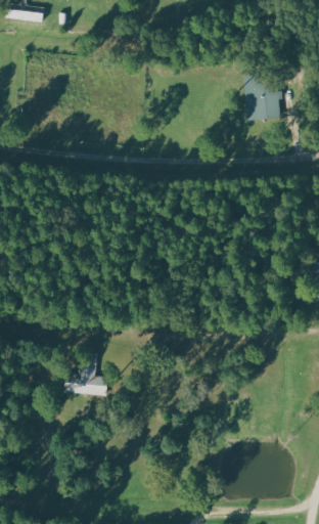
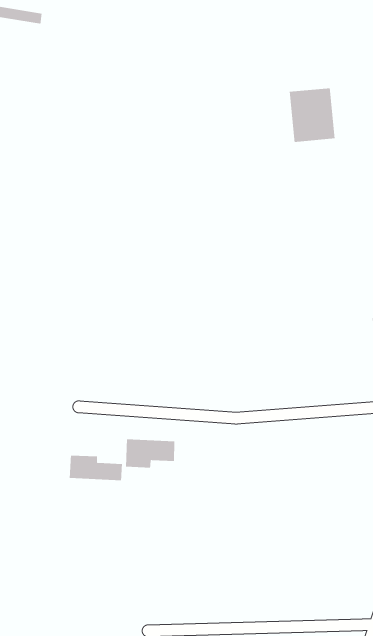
building: none -> [125,438,175,469]

